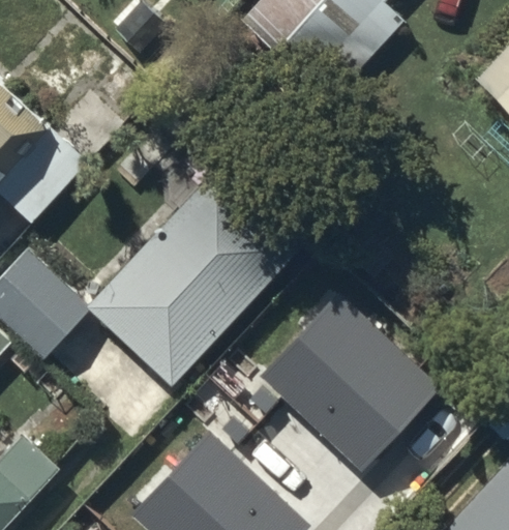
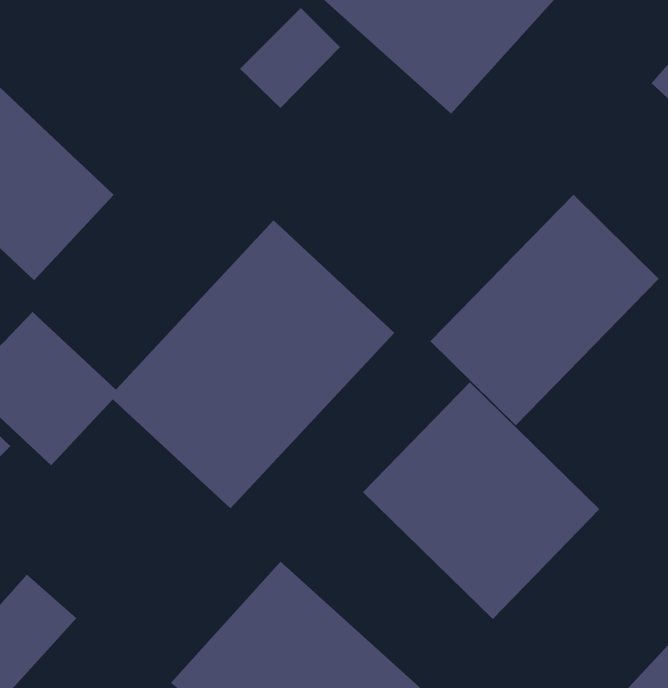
building: none -> [430,194,660,426]

